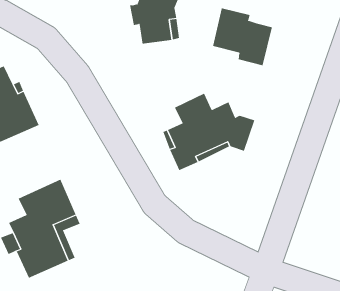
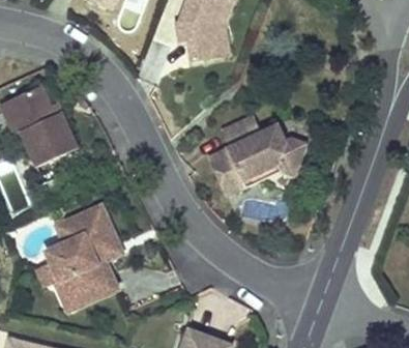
building: [213,8,273,66] -> none

